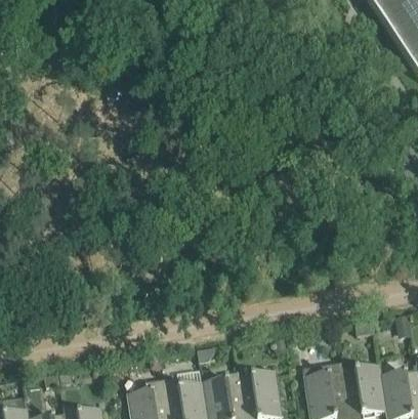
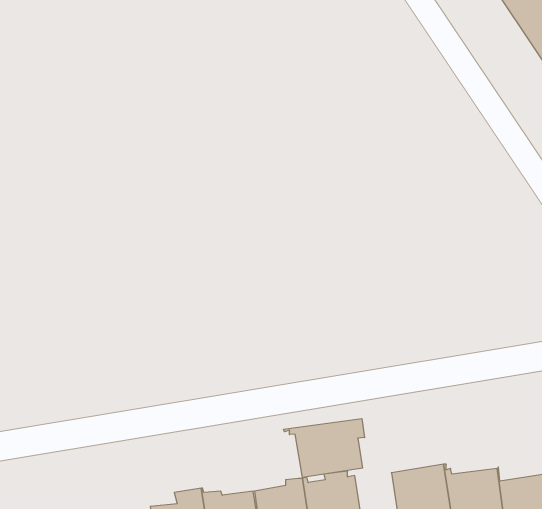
building: none -> [284,419,365,477]

